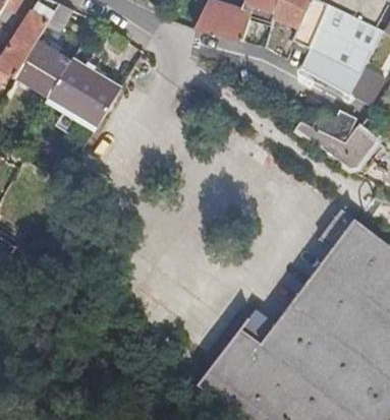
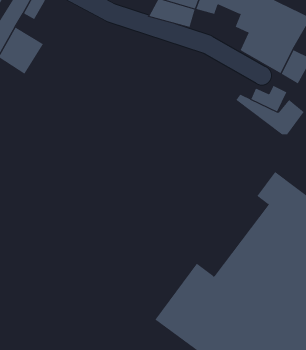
building: [48,58,121,126] -> none

